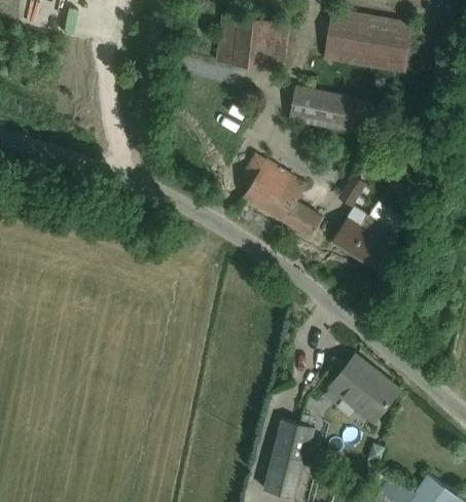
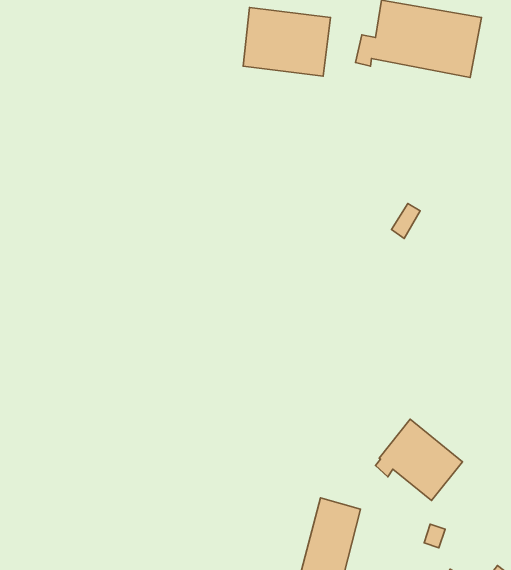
building: [288,86,367,135] -> none
building: [243,159,321,238] -> none
building: [332,208,397,271] -> none

